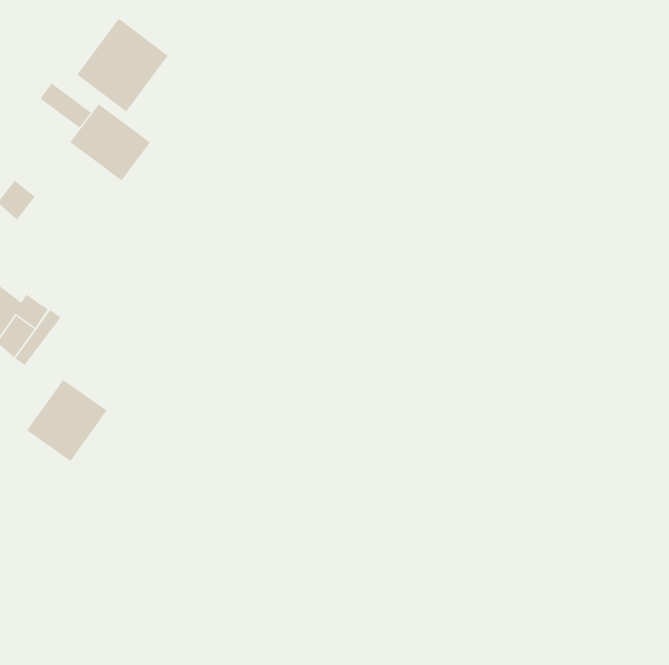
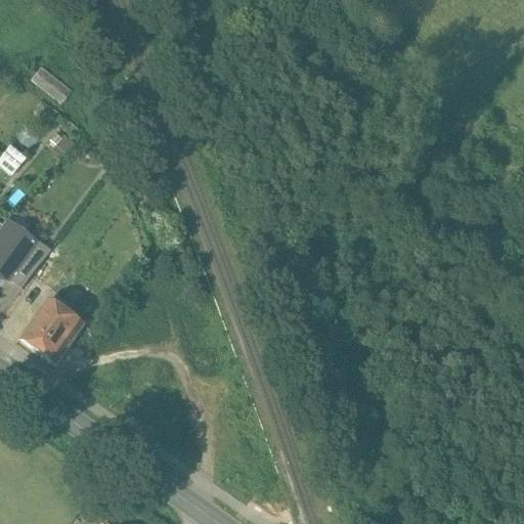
building: [77,18,168,112] -> none
building: [70,104,151,181] -> none

